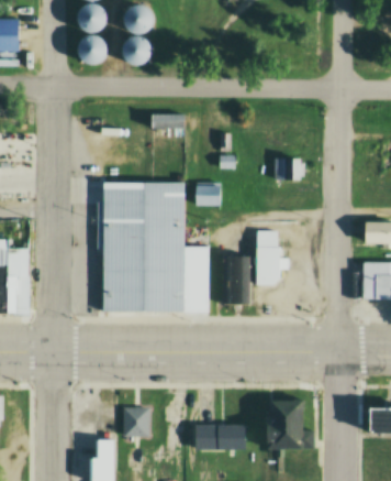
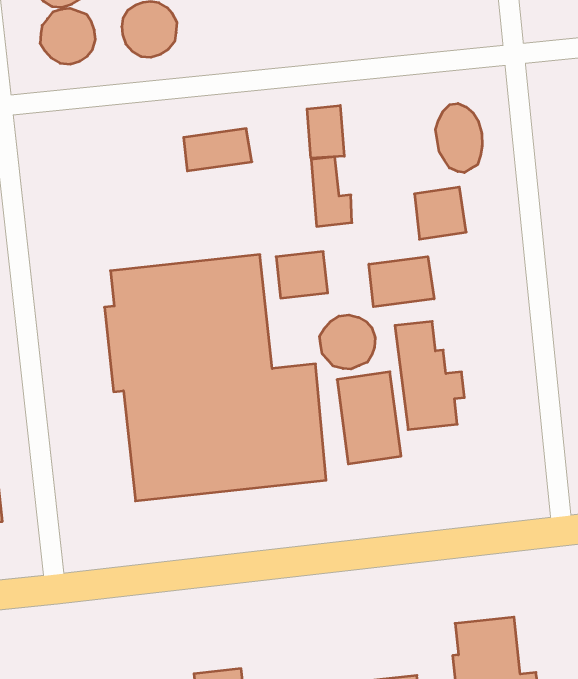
building: none -> [307,105,344,158]
building: none -> [435,103,482,173]
building: none -> [369,257,434,307]
building: none -> [320,315,375,369]

